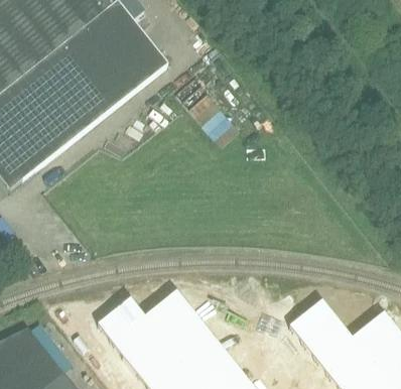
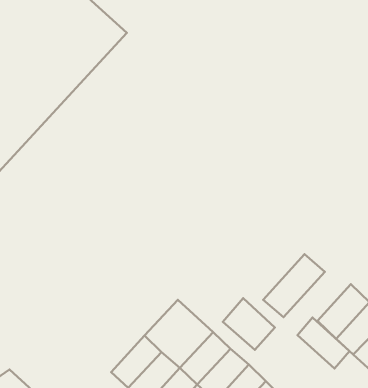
building: none -> [263,254,325,317]
building: none -> [223,298,275,350]
building: [98,297,144,342] -> none
building: none -> [298,318,350,369]

